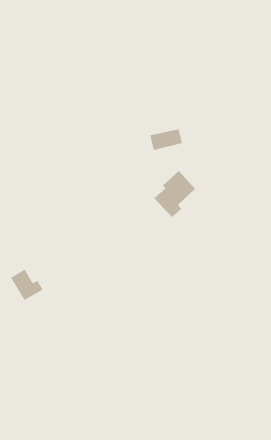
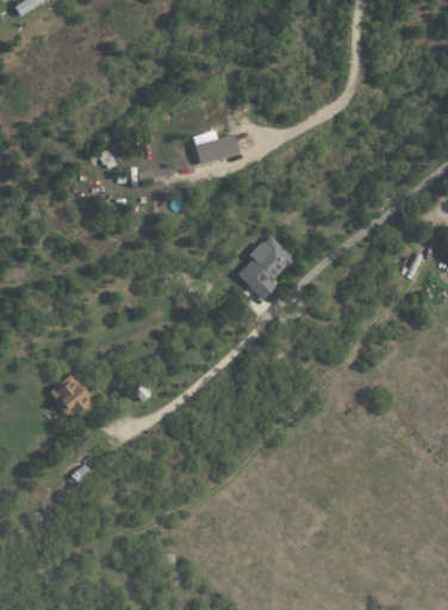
building: [149,129,183,150] -> [194,133,239,164]

